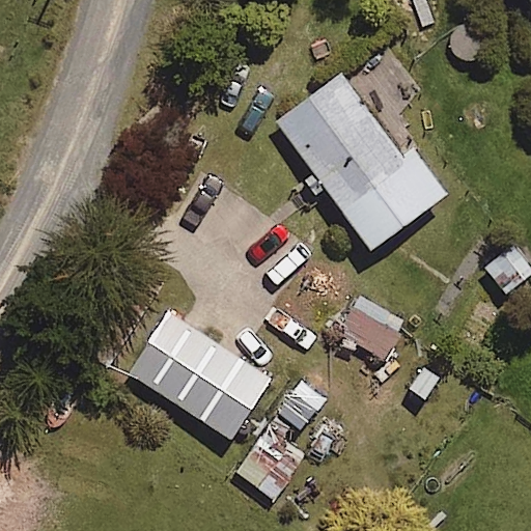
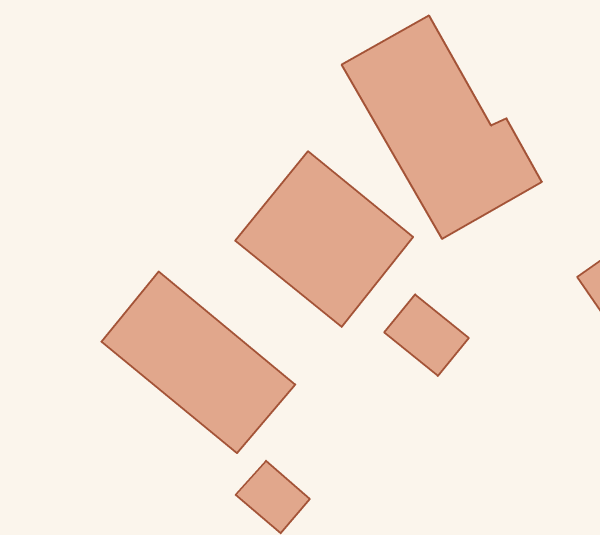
building: none -> [235,151,413,327]

